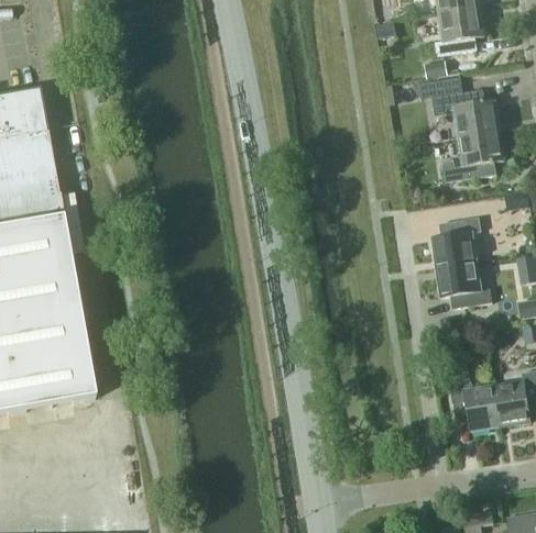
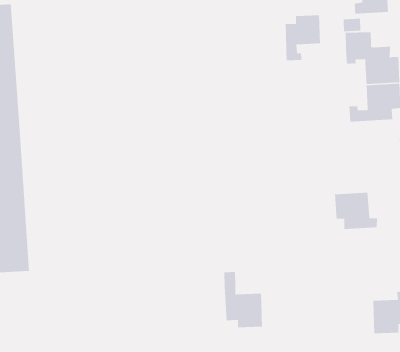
building: none -> [285,14,321,61]
building: [433,215,482,266] -> none
building: [448,363,501,429] -> [224,271,263,328]

